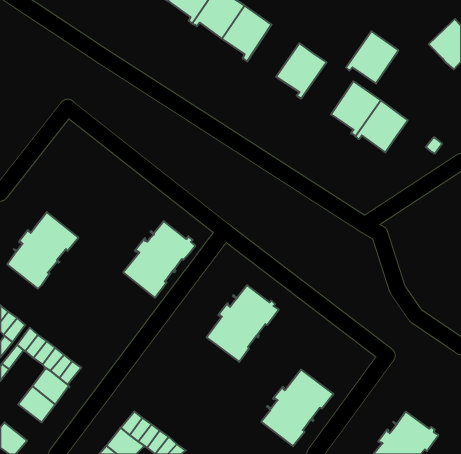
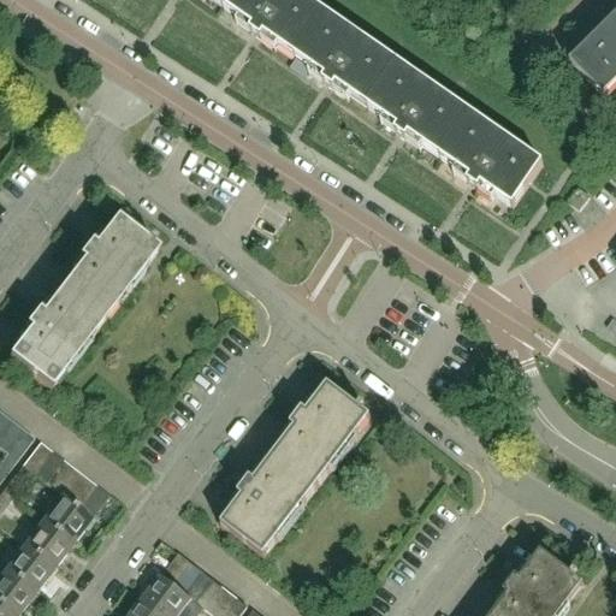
building: none -> [330,32,399,102]
building: [346,31,398,84] -> [402,83,472,153]
building: [123,221,195,298] -> [63,214,159,316]
building: [261,370,334,446] -> [223,450,319,552]
building: none -> [6,539,55,587]

